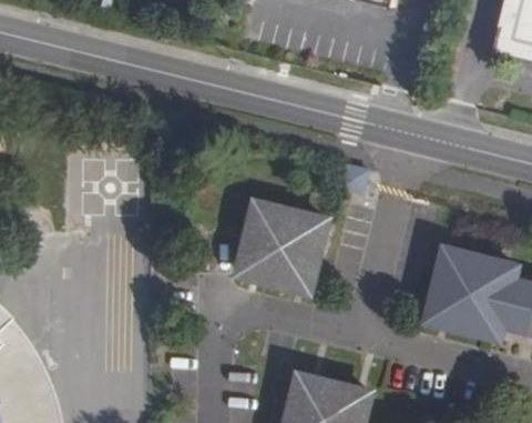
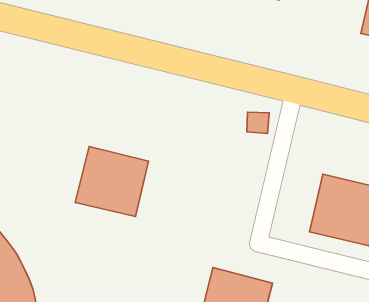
building: [233,200,331,294] -> [75,146,149,217]

